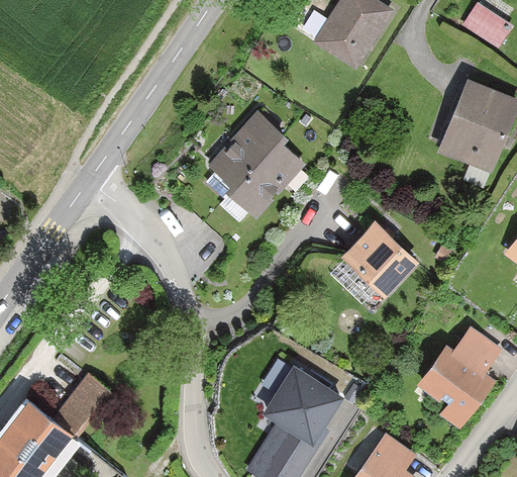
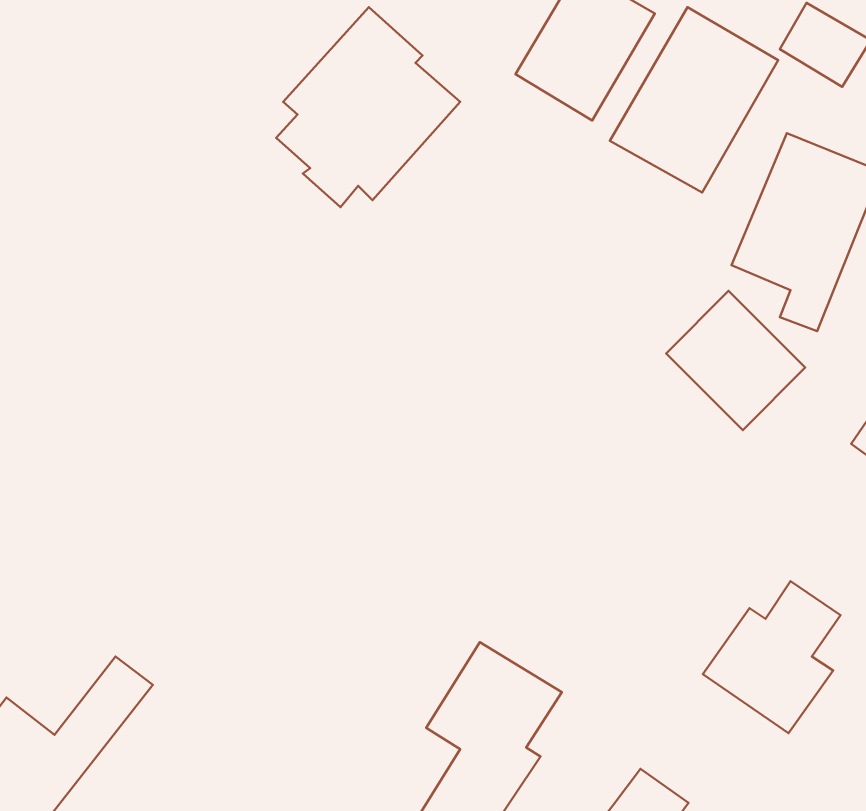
building: none -> [610,7,778,193]
building: [204,111,308,224] -> [276,7,460,207]
building: [340,218,419,297] -> [666,291,805,430]

